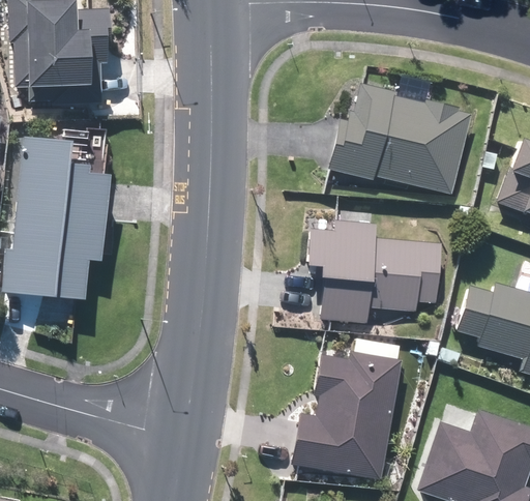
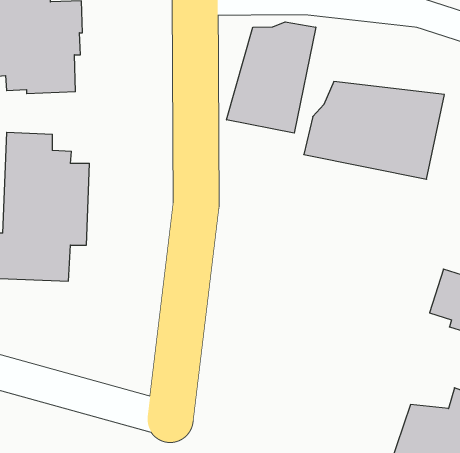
building: none -> [227,22,316,133]
building: [311,226,441,322] -> none
building: [298,357,393,469] -> none

